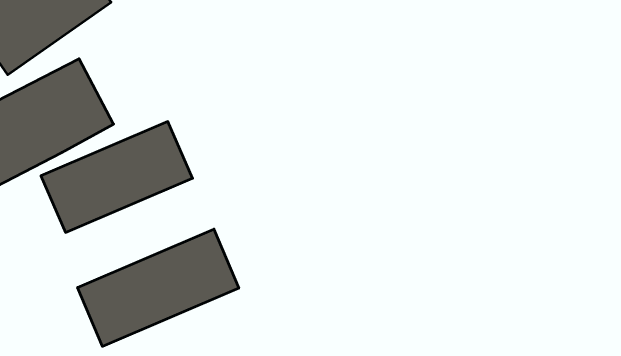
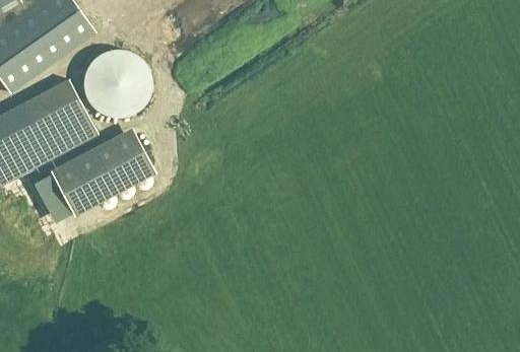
building: none -> [82,48,151,117]
building: [78,229,239,346] -> none

